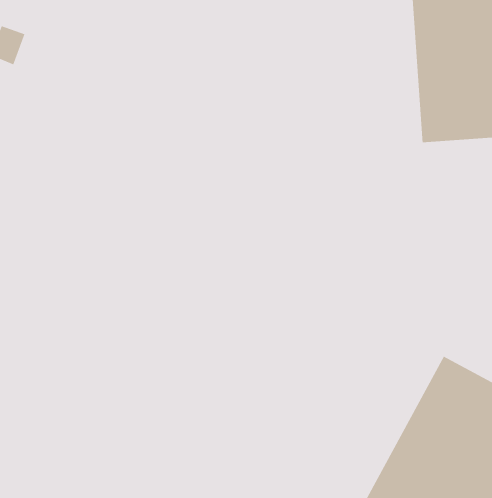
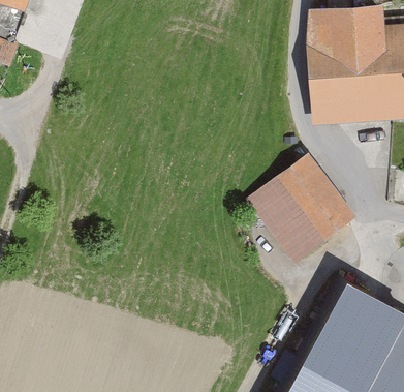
building: none -> [251,156,356,262]

